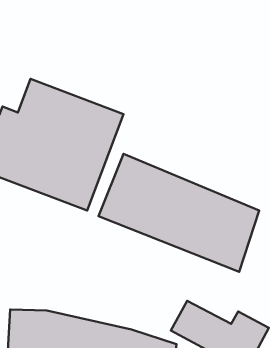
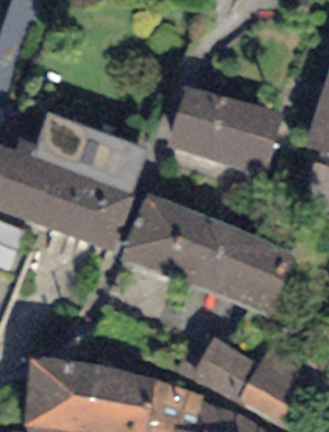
building: none -> [167,86,281,174]

